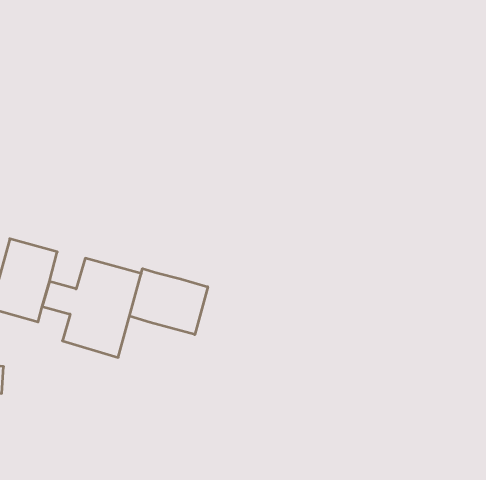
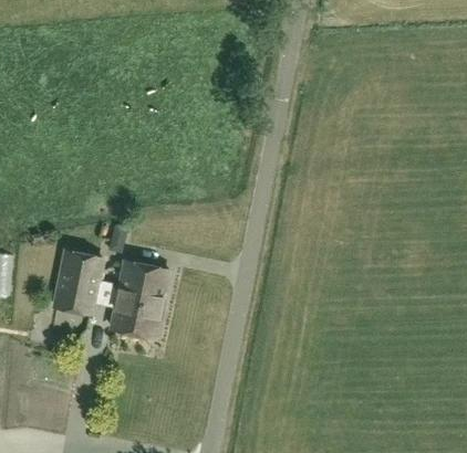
building: [130,269,208,335] -> none

